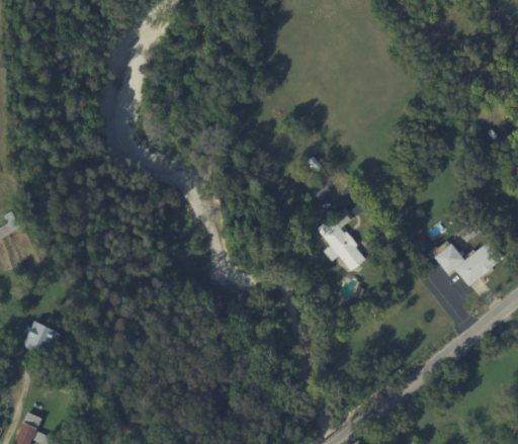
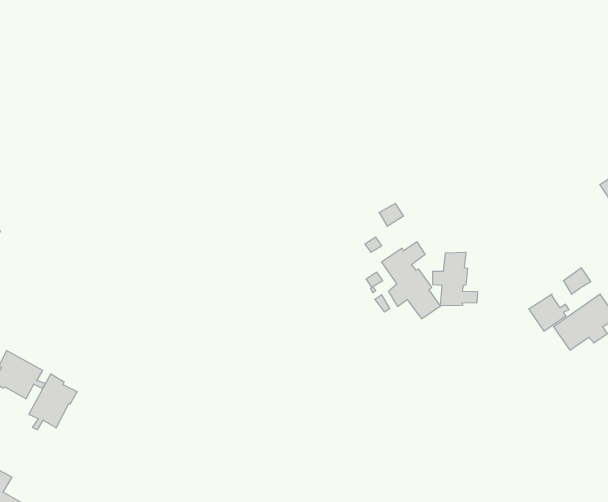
building: none -> [433,252,477,306]
building: none -> [29,374,77,430]

